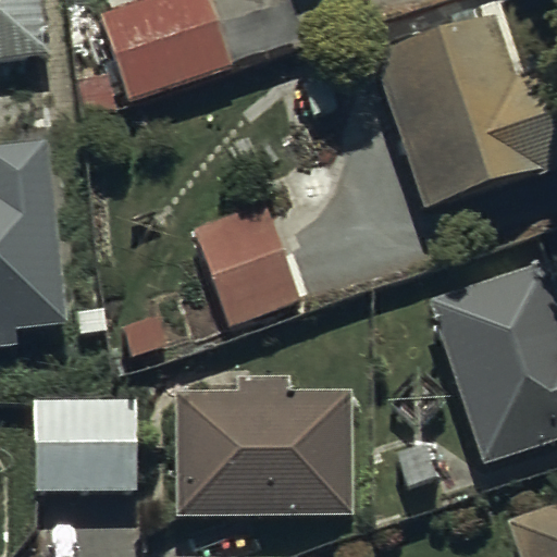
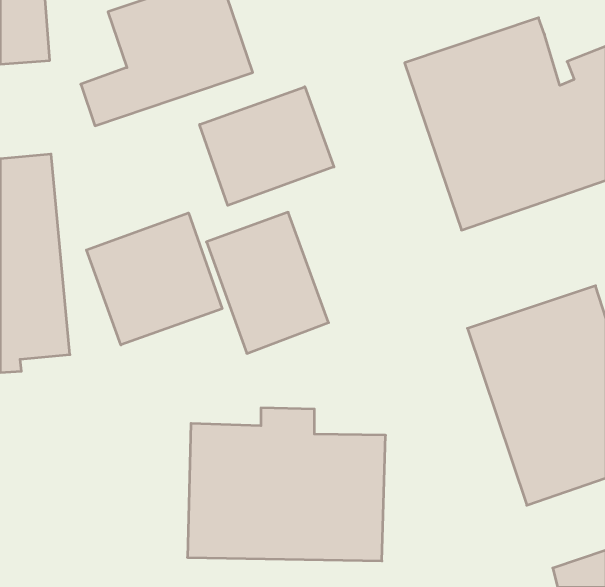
building: none -> [200,87,334,205]
building: none -> [86,213,222,345]
building: [35,395,136,488] -> none

